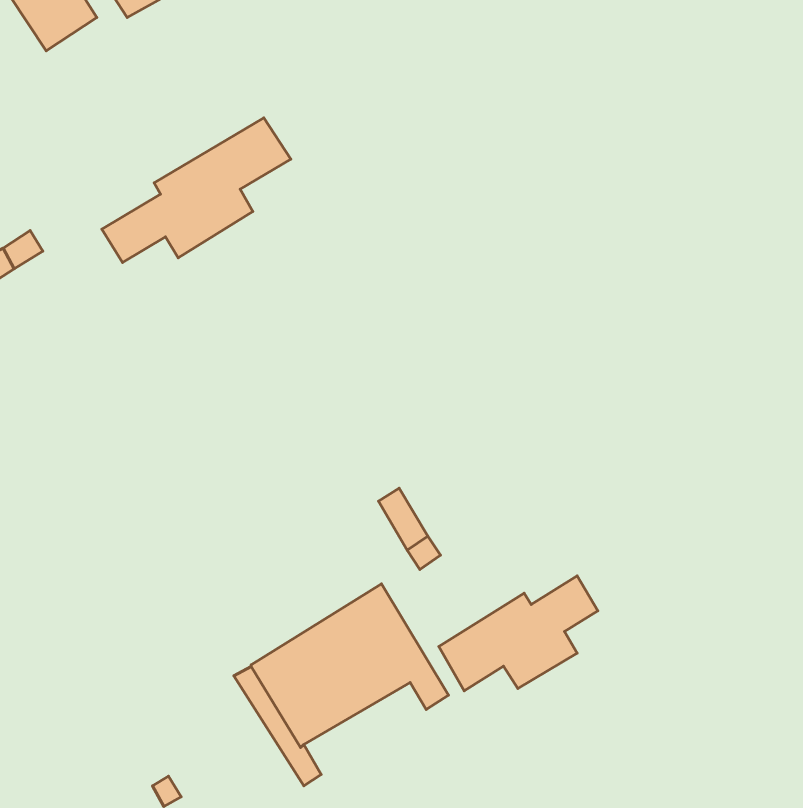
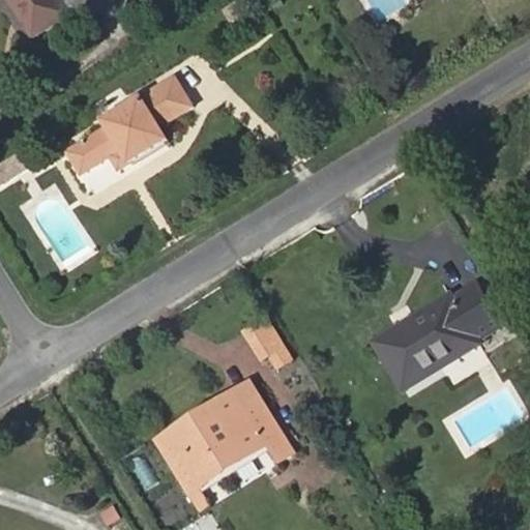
building: none -> [373,283,501,388]
building: [439,576,598,691] -> none

